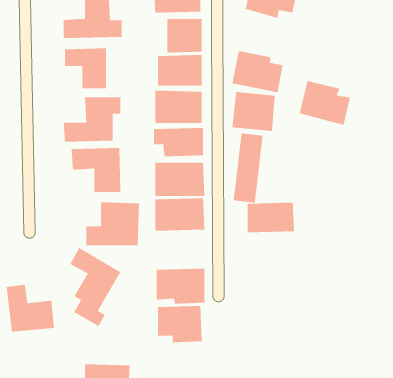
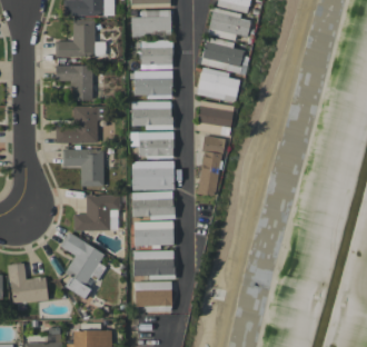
building: [299,80,351,126] -> [200,36,244,73]
building: [247,202,295,233] -> [133,220,173,246]

